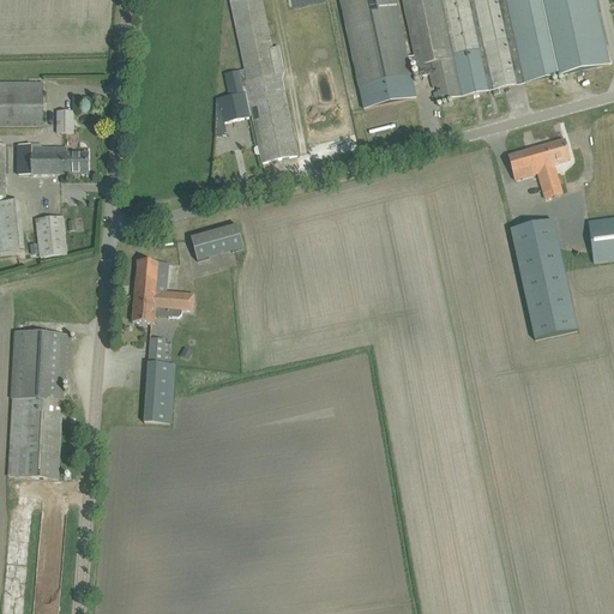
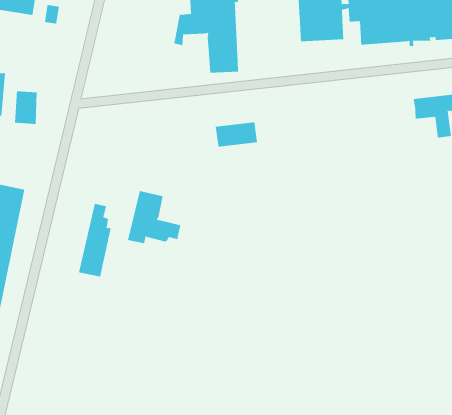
building: [18,143,86,173] -> none
building: [510,218,576,338] -> none
building: [189,223,243,260] -> [215,122,258,147]
building: [132,259,193,321] -> [127,190,181,244]

